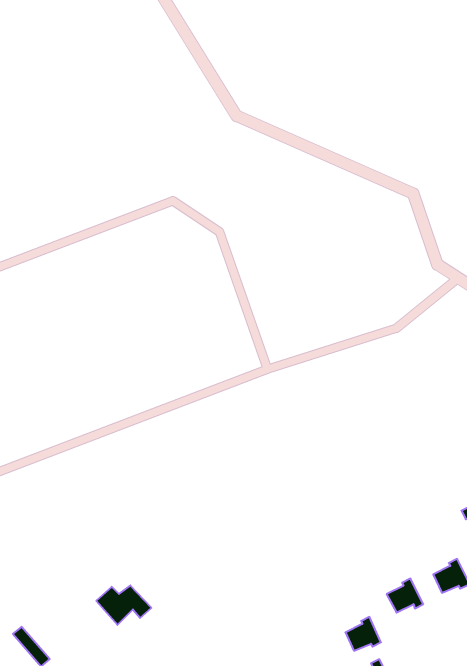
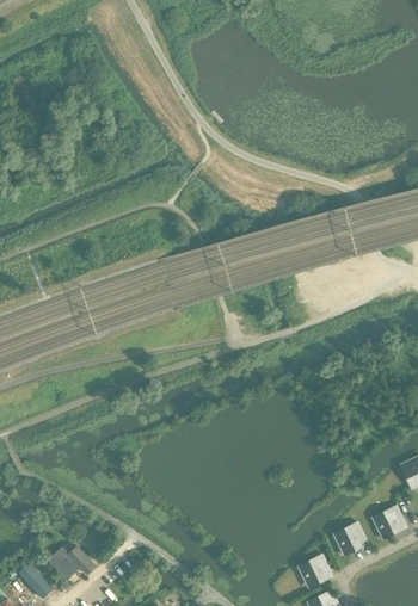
building: [96,585,151,625] -> [48,546,94,580]

